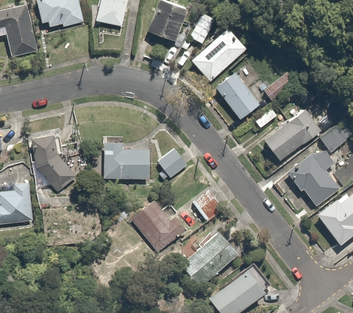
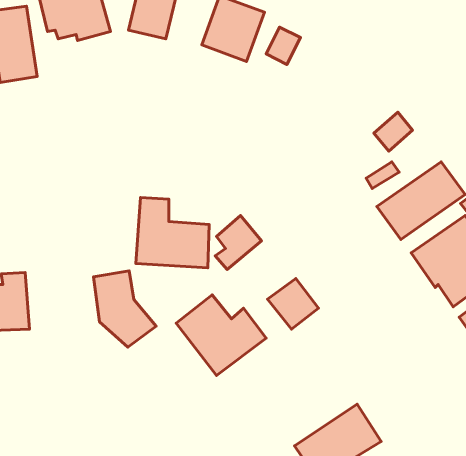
building: [190,28,248,83] -> none
building: [215,71,262,121] -> none
building: [32,138,74,189] -> [93,271,156,347]
building: [178,233,239,290] -> none

